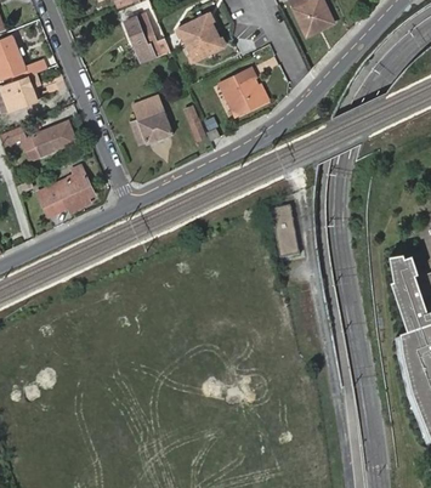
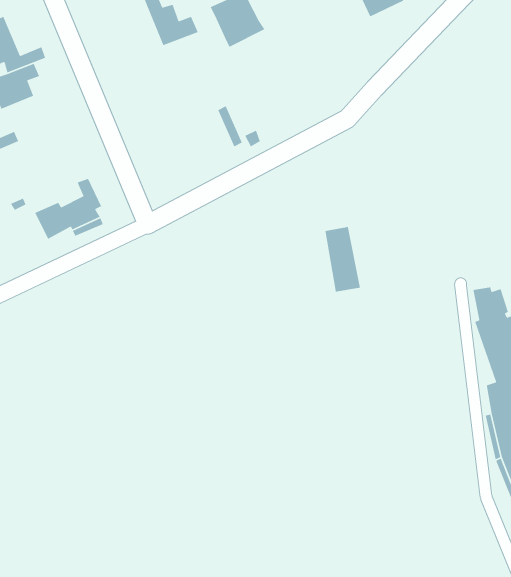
building: [217,68,263,115] -> none
building: [130,97,171,146] -> none
building: [25,123,76,159] -> none

